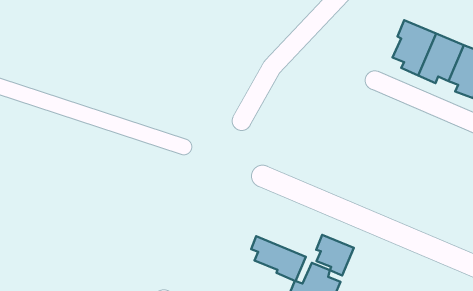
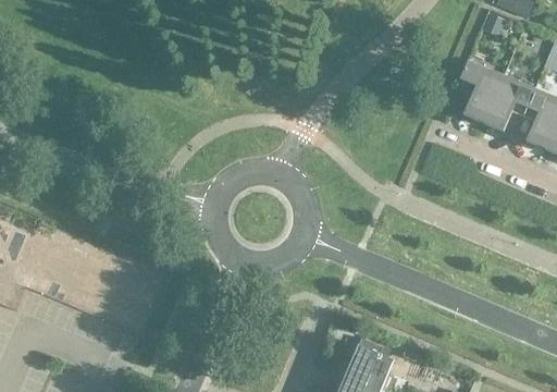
building: [316,235,354,276] -> none
building: [251,236,306,281] -> none

